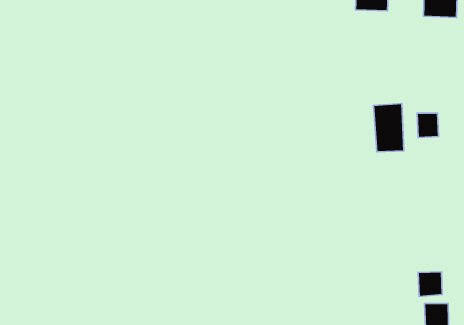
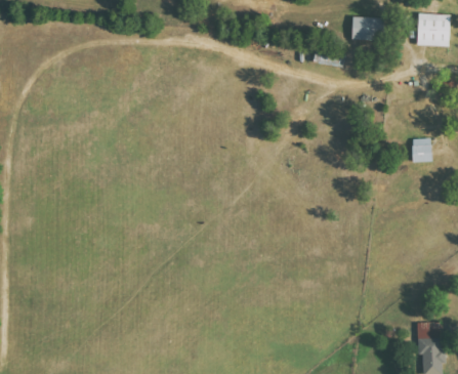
building: [374,104,404,152] -> none
building: [418,272,442,296] -> none

